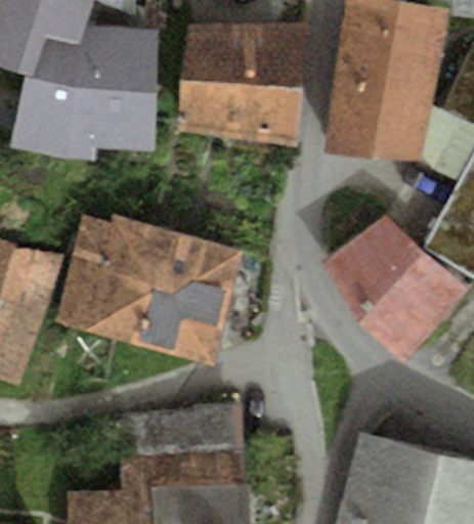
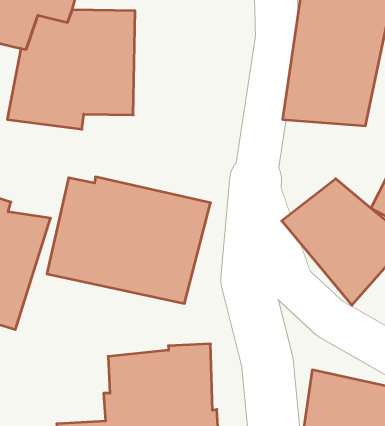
building: [178,21,306,139] -> none

